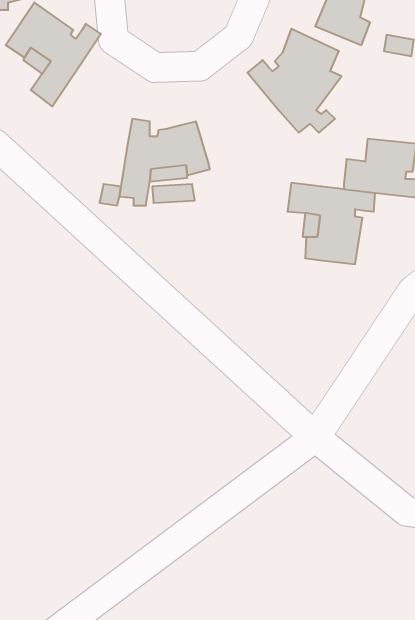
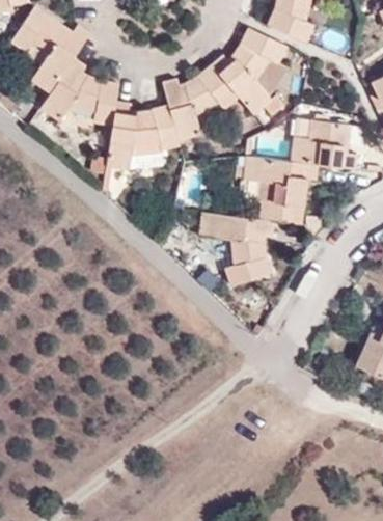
building: none -> [39,56,118,125]
building: none -> [162,63,238,138]
building: none -> [198,211,273,285]

